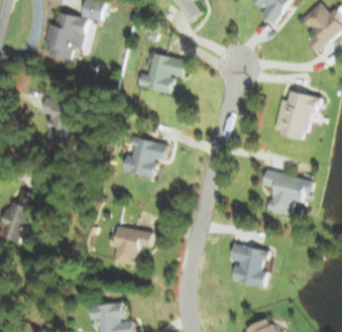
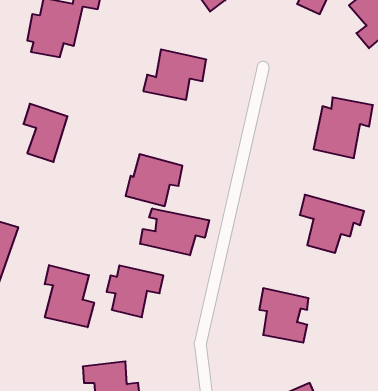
building: none -> [140,208,209,255]
building: none -> [45,265,94,327]

